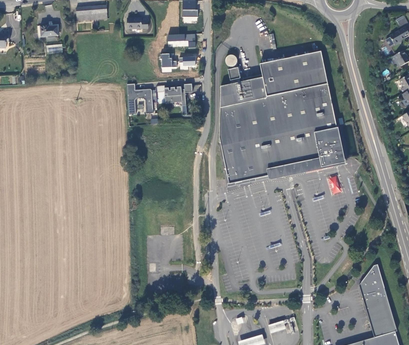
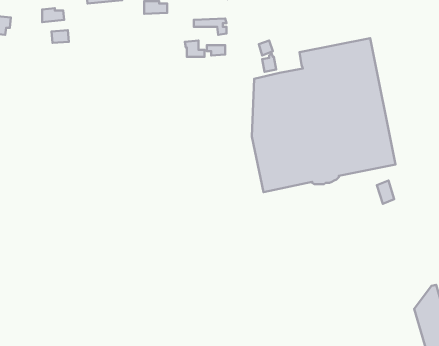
building: [127,82,153,113] -> none
building: [159,83,193,104] -> none

